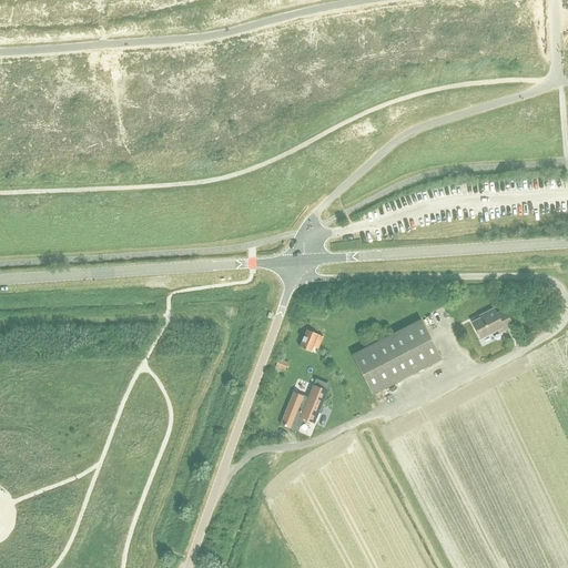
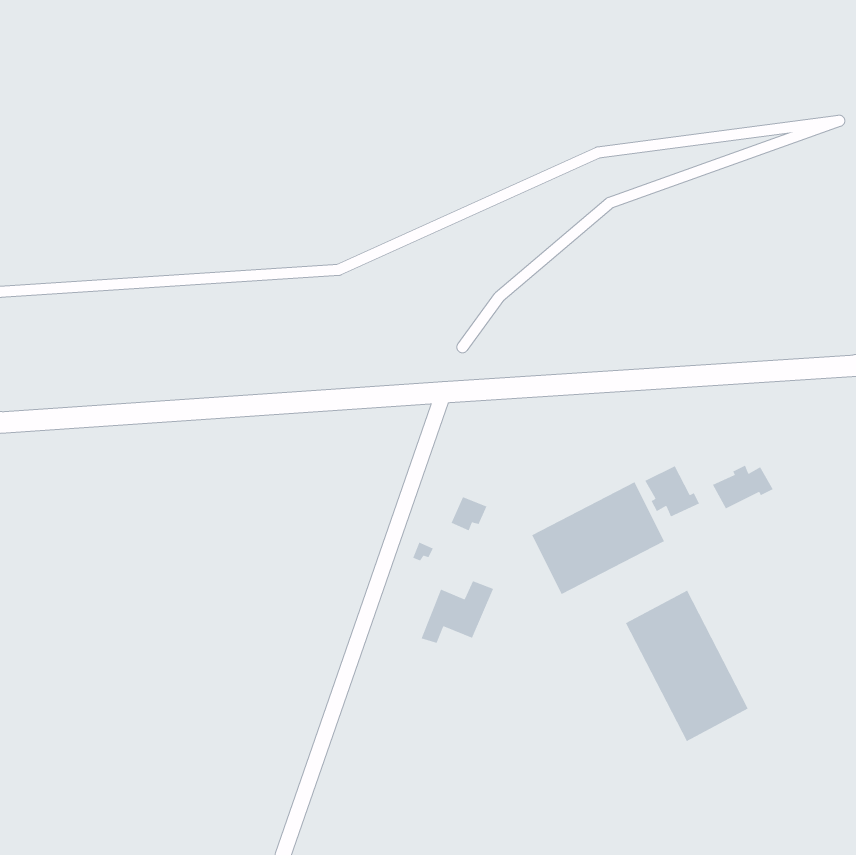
building: none -> [644,465,700,518]
building: none -> [625,589,749,742]

